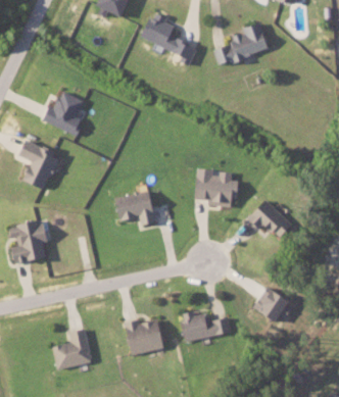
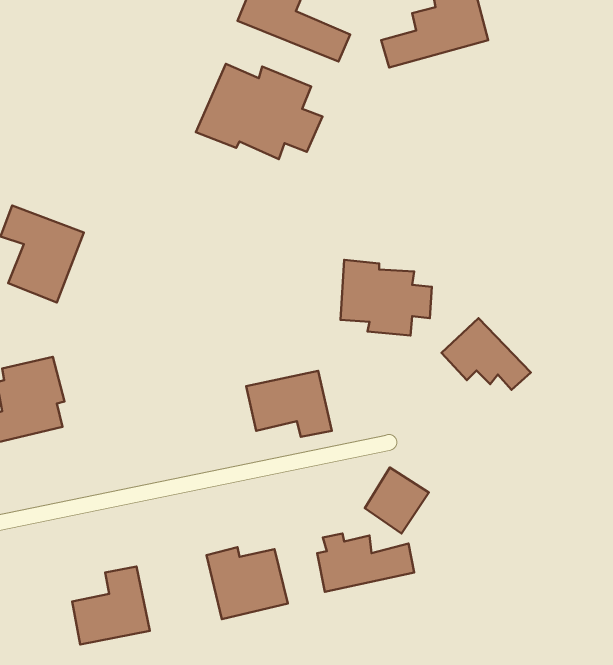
building: none -> [196,64,322,159]
building: [43,91,86,135] -> none
building: [113,190,158,225] -> [246,371,332,437]
building: [253,288,287,322] -> [365,467,429,533]

